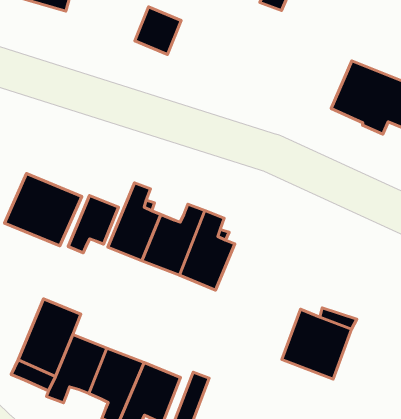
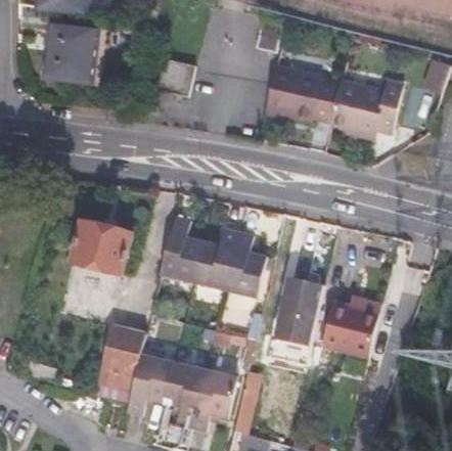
building: none -> [262,69,337,126]
building: [68,196,118,253] -> none
building: none -> [263,278,321,365]

